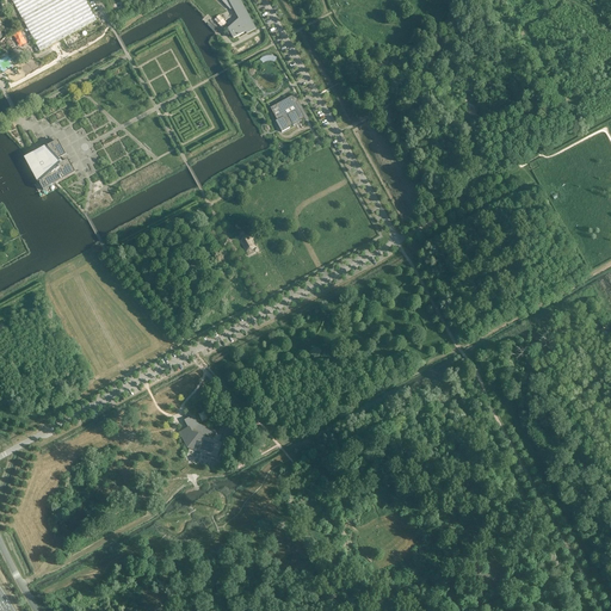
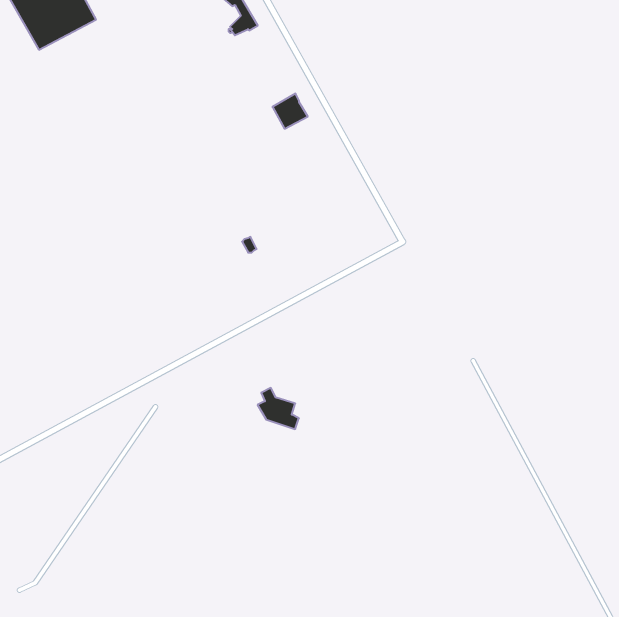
building: [27,137,73,187] -> none
building: [178,412,218,452] -> [258,388,299,429]

